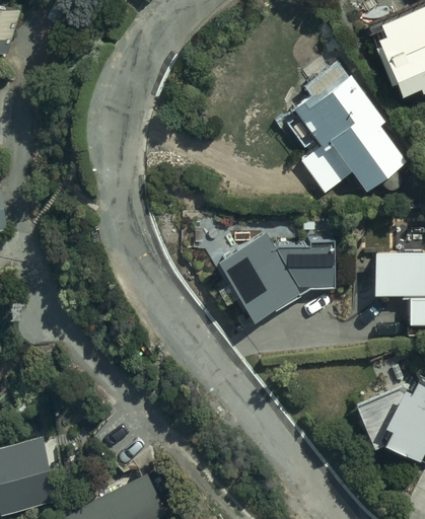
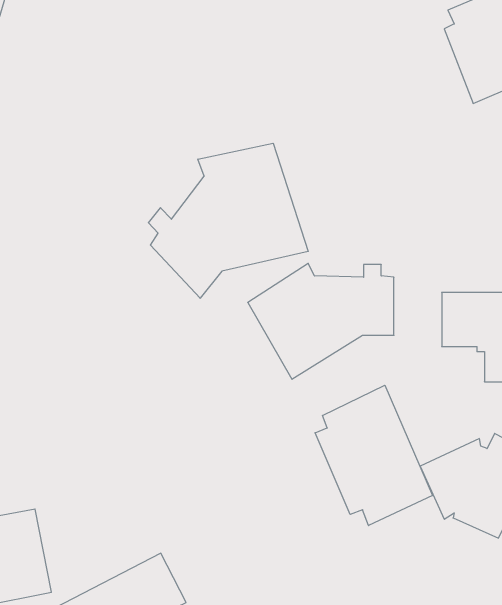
building: [288,62,407,196] -> none
building: none -> [148,143,308,298]
building: none -> [315,385,432,526]

